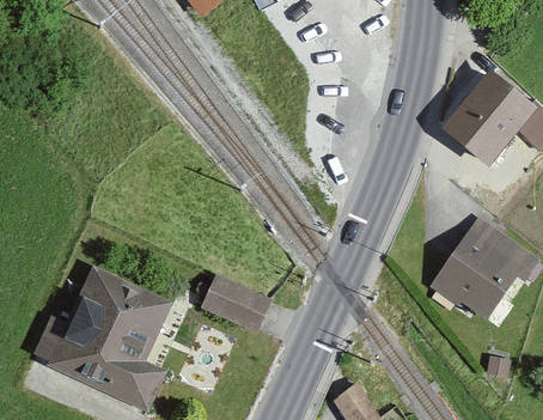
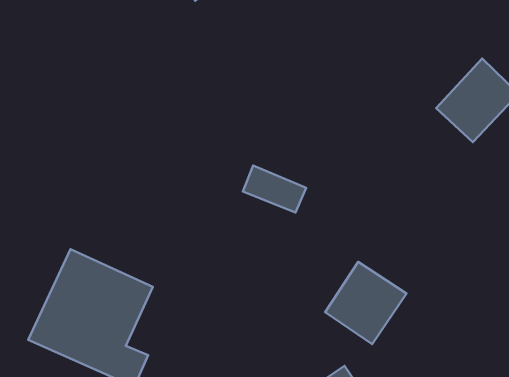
building: [435,218,518,302] -> [325,262,406,344]
building: [203,275,268,323] -> [243,166,306,213]

